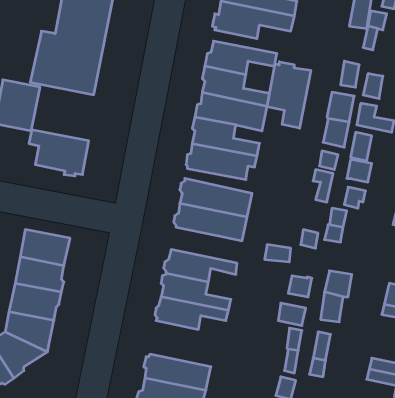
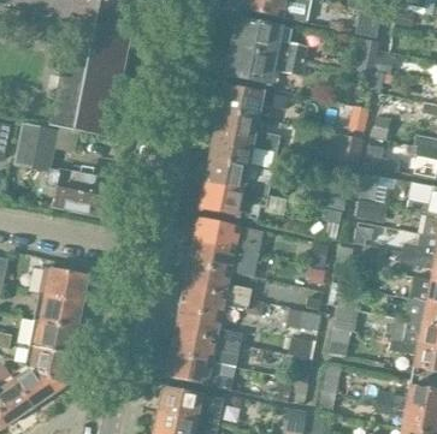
building: [267,62,311,128] -> none
building: none -> [185,263,252,298]
building: none -> [166,353,234,388]

